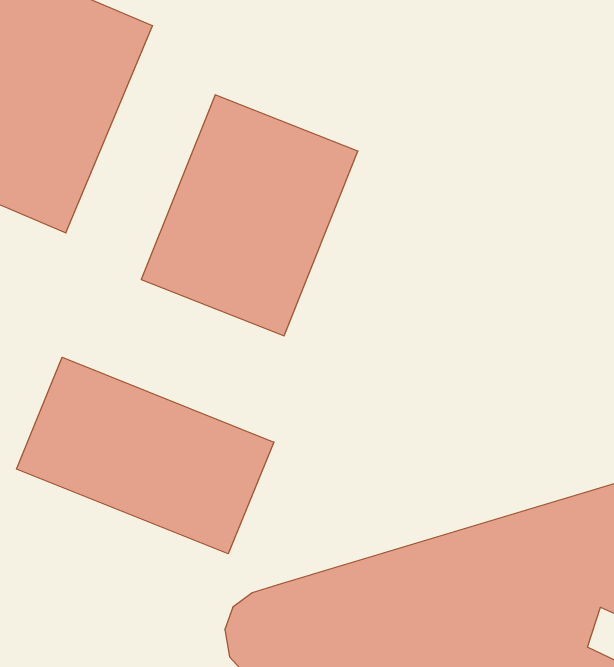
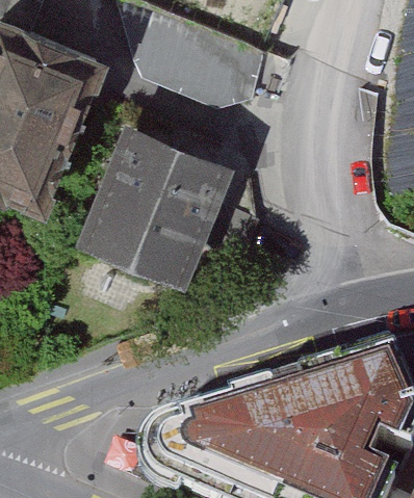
building: [16,357,274,554] -> none

